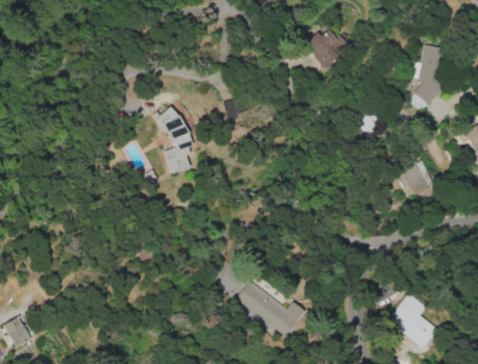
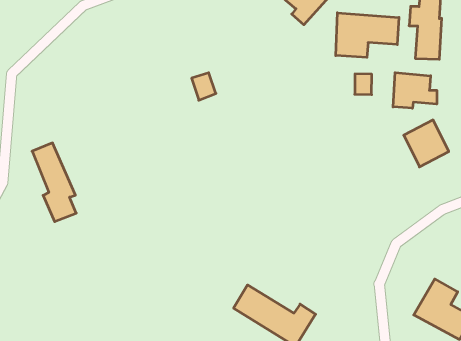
building: none -> [336,13,399,57]
building: [159,108,191,174] -> [32,143,76,222]
building: none -> [393,73,437,108]

